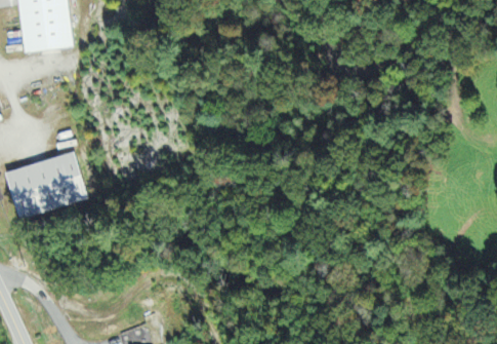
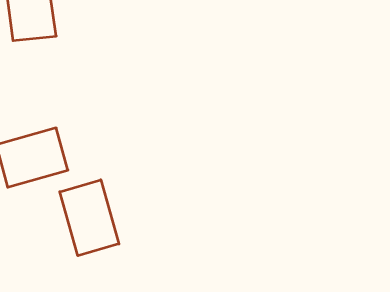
building: none -> [60,180,119,256]

